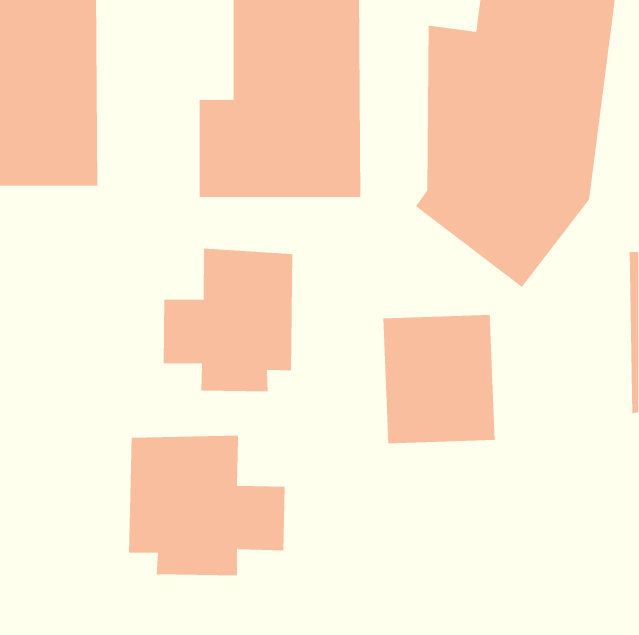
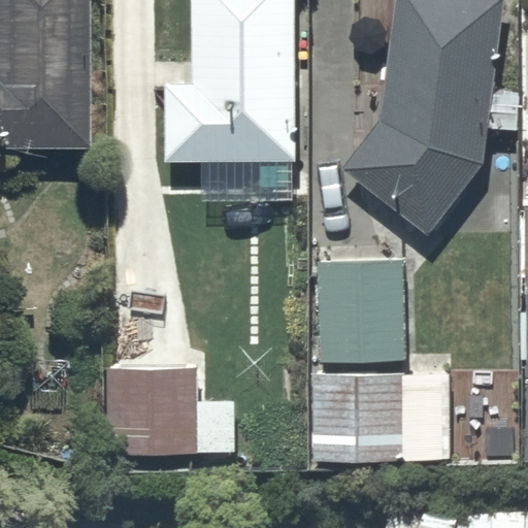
building: [163,248,293,392] -> none
building: none -> [311,371,460,462]

